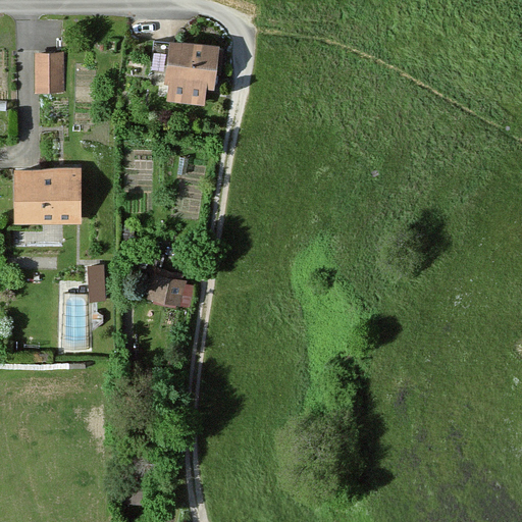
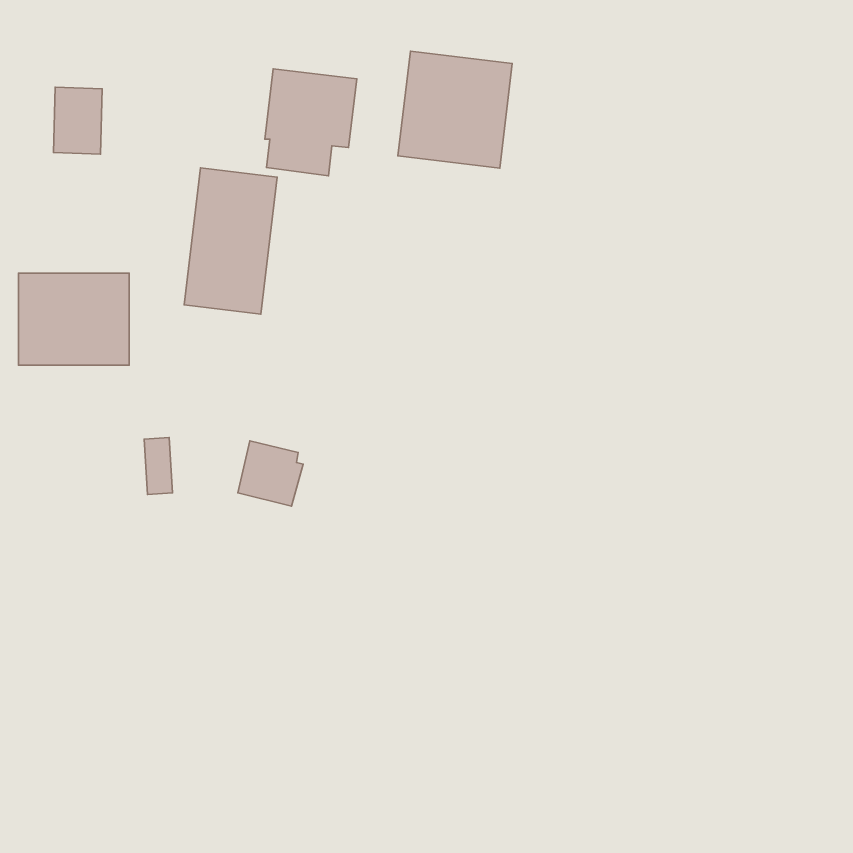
building: none -> [398,51,512,168]
building: none -> [184,168,277,314]

